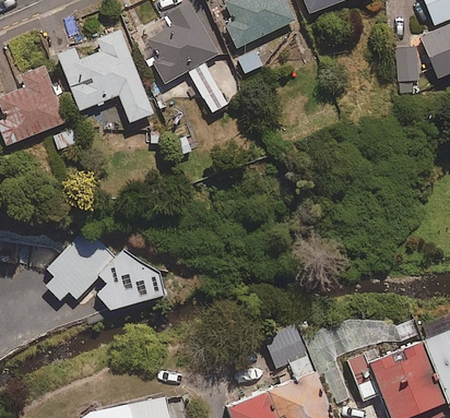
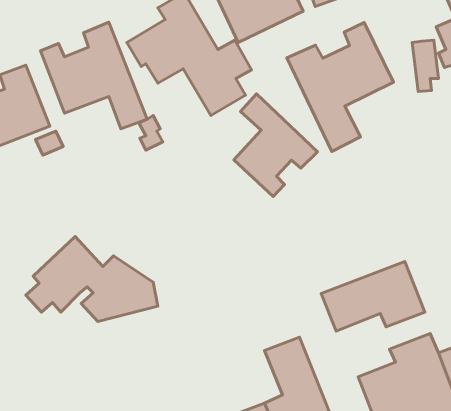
building: none -> [287,23,394,151]
building: none -> [234,94,317,196]
building: none -> [321,261,425,331]

